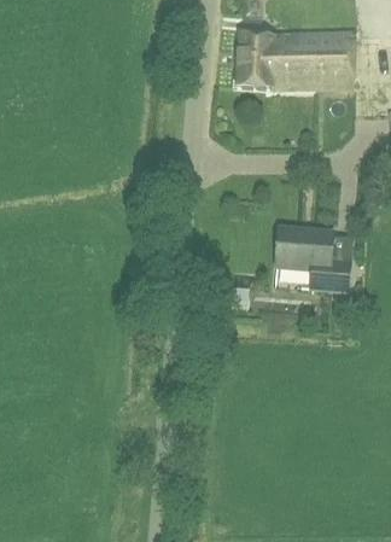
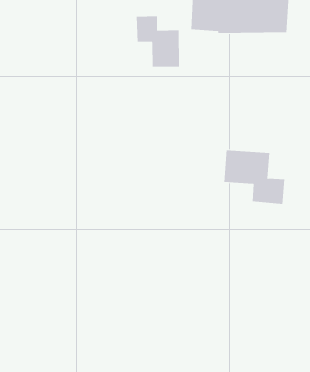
building: none -> [136,16,180,67]

